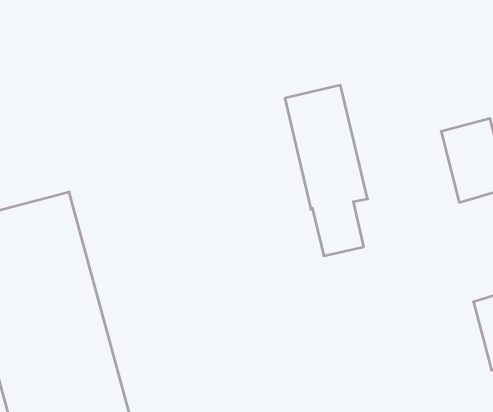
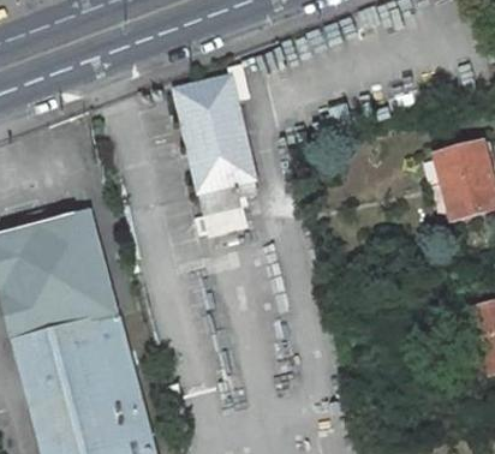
building: [285,85,368,256] -> [173,73,250,232]

